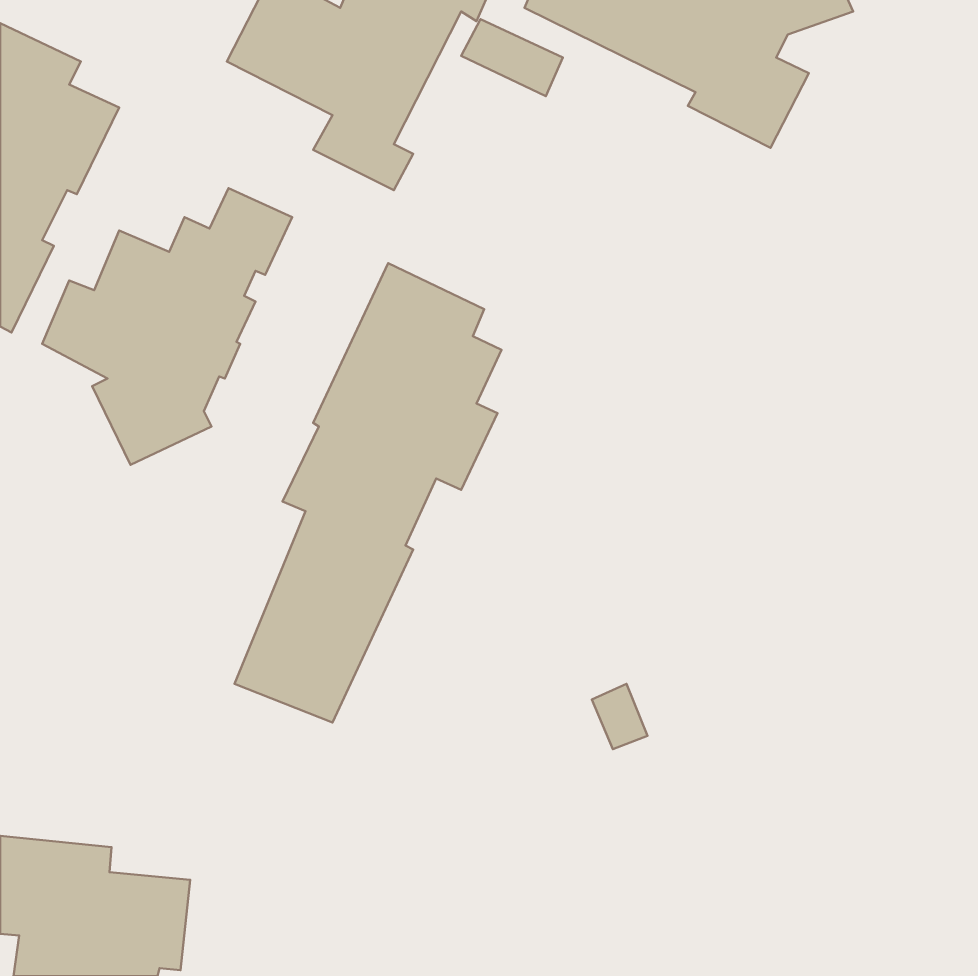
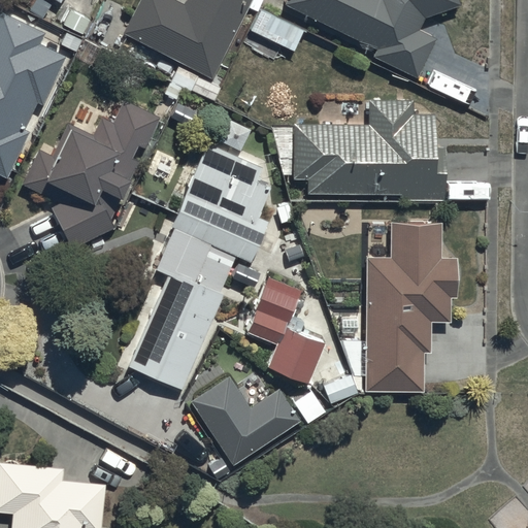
building: none -> [273,100,443,200]
building: none -> [364,226,456,391]
building: none -> [244,275,323,384]
building: none -> [189,376,300,466]

